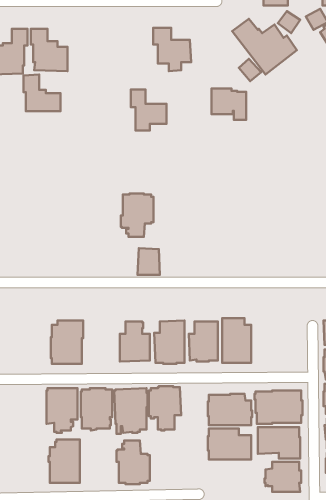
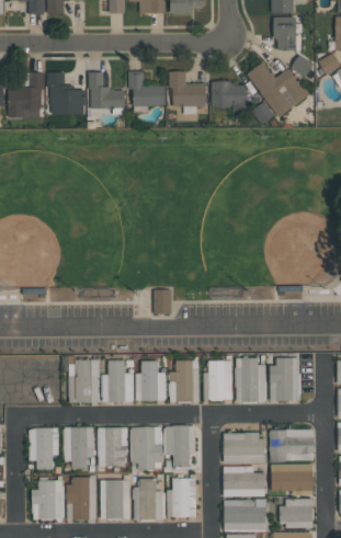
building: [24,74,60,111] -> [89,71,125,107]
building: [212,89,246,120] -> [212,81,246,112]
building: [131,89,167,131] -> [129,71,164,112]
building: [121,193,153,237] -> none
building: none -> [270,357,302,400]
building: none -> [102,359,134,401]
building: none -> [30,426,59,469]
building: none -> [167,478,196,517]
building: none -> [32,480,65,519]
building: none -> [101,480,130,519]
building: none -> [224,499,266,531]

